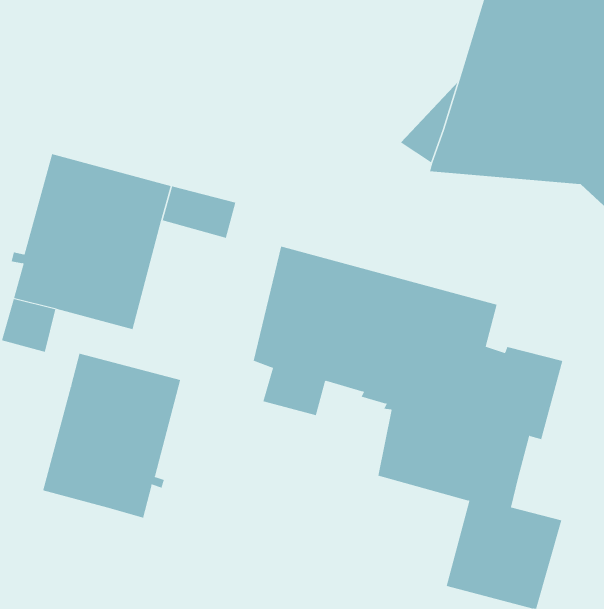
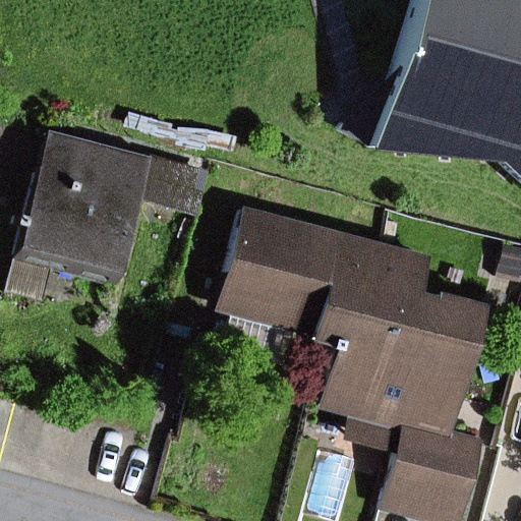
building: [42,353,181,519] -> none

